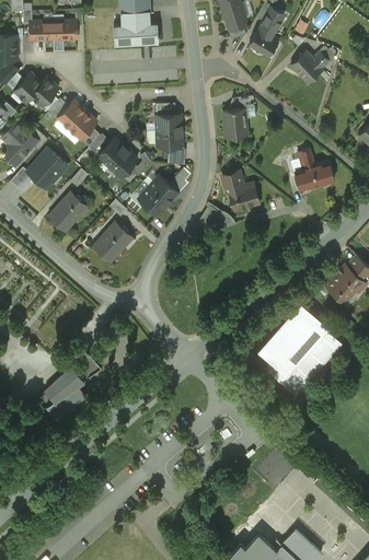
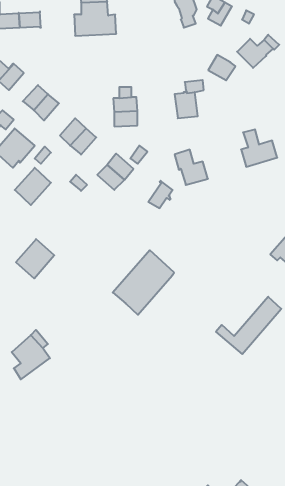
building: [249,30,278,57] -> [208,55,235,80]
building: [92,221,134,264] -> [16,239,54,278]
building: [260,304,326,374] -> [113,250,174,315]

